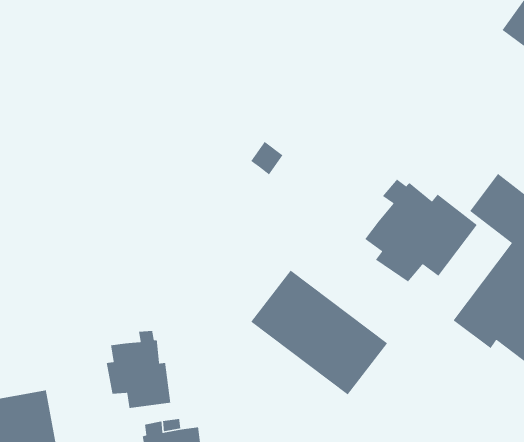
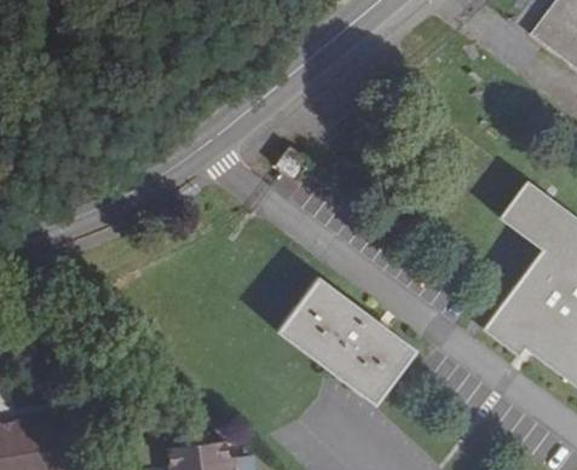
building: [364,179,478,283] -> none
building: [106,330,171,409] -> none

